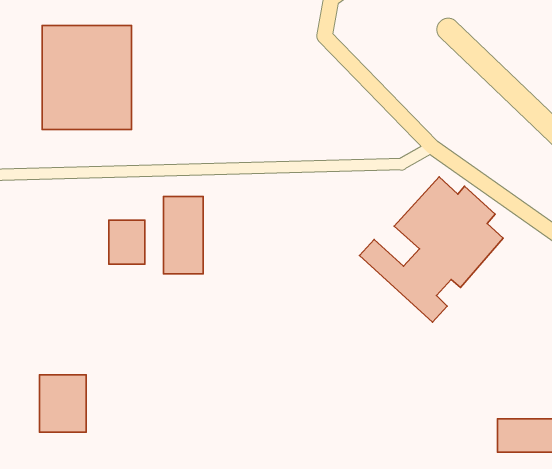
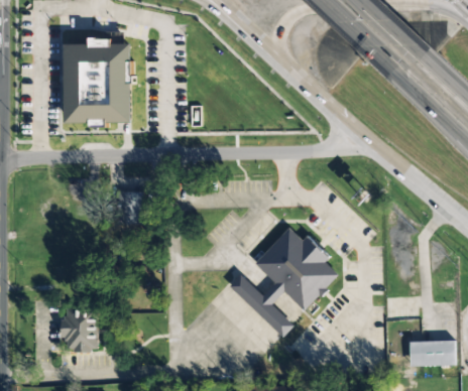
building: [359,177,503,322] -> [227,228,336,338]
building: [163,197,203,274] -> none

